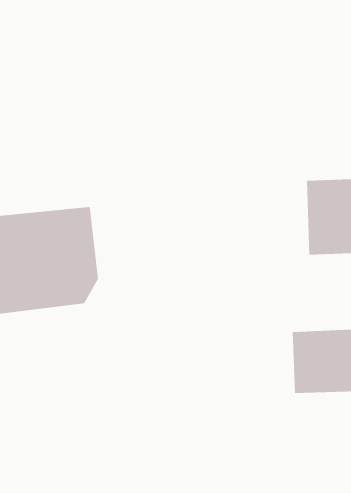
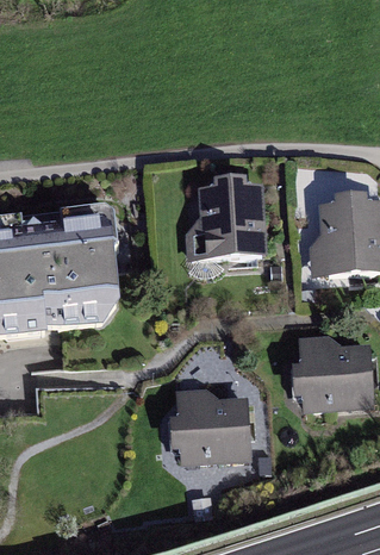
building: none -> [197,183,263,255]
building: none -> [170,397,254,462]

